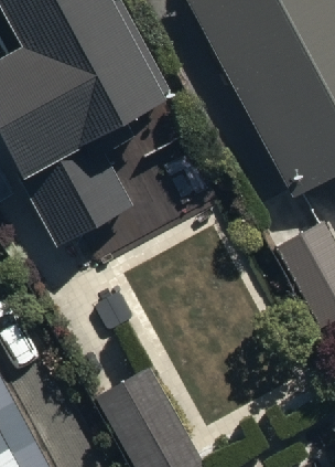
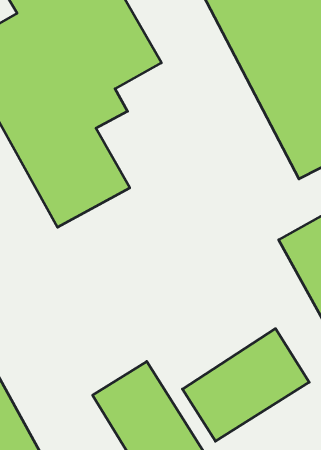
building: none -> [182,329,309,441]

